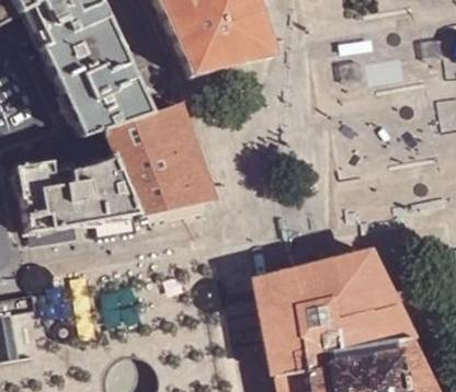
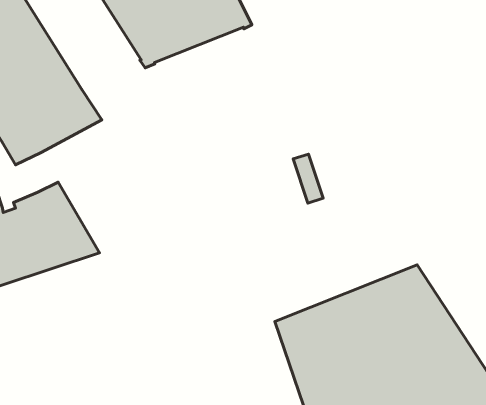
building: [100,102,210,216] -> none

